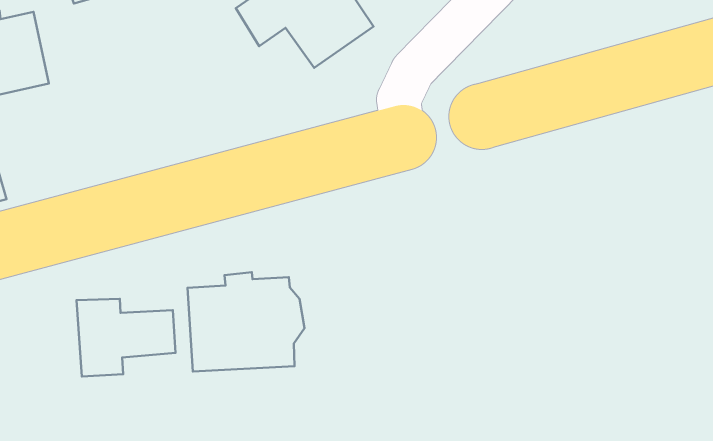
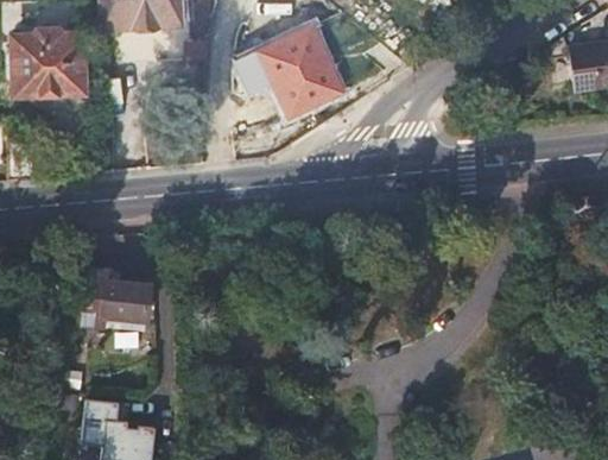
building: [188,272,304,372] -> none

